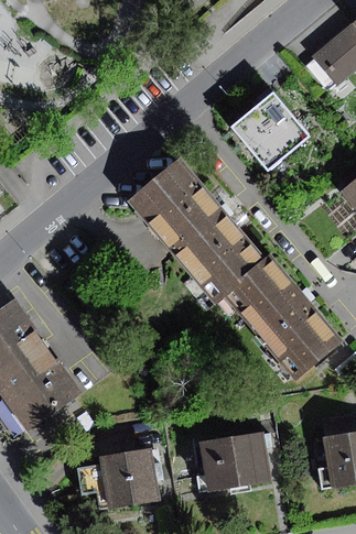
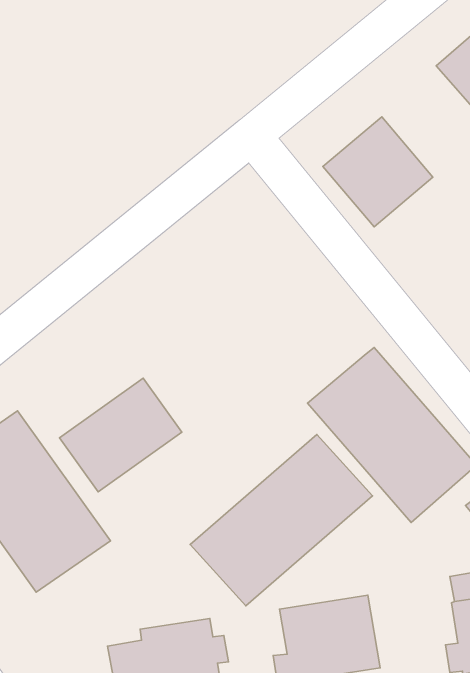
building: [128,160,262,302] -> none
building: none -> [59,378,182,492]
building: none -> [190,435,372,606]

